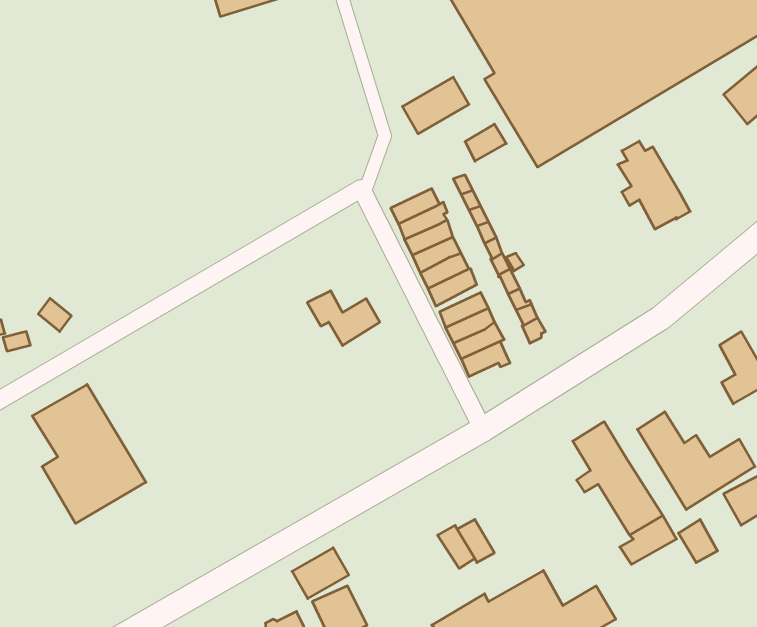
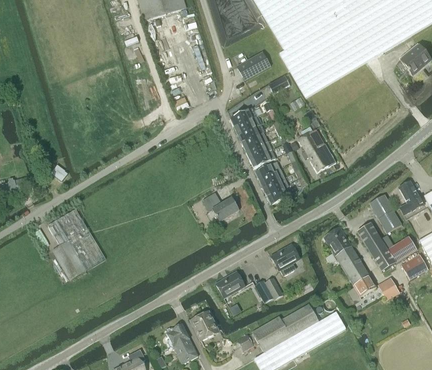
building: [618,141,690,229] -> [299,126,336,171]
building: [307,291,380,346] -> [202,193,239,221]
building: none -> [370,194,402,233]
building: none -> [271,244,300,276]
building: [292,548,349,599] -> [216,271,245,297]

